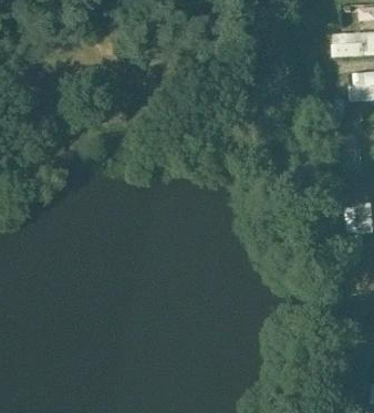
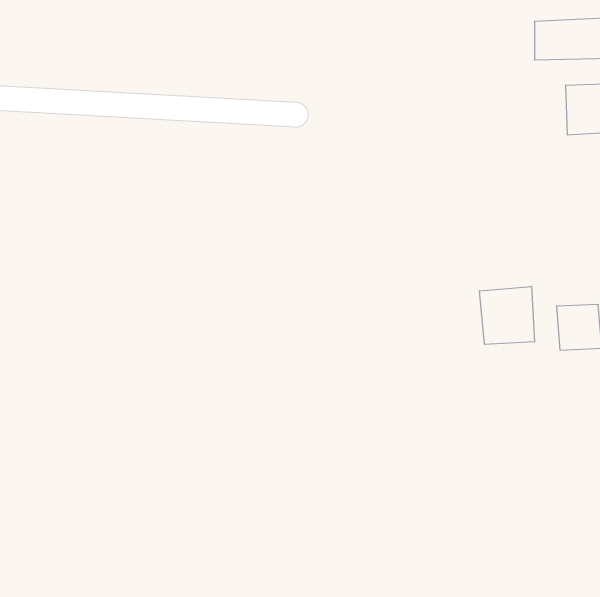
building: none -> [480,286,535,344]

